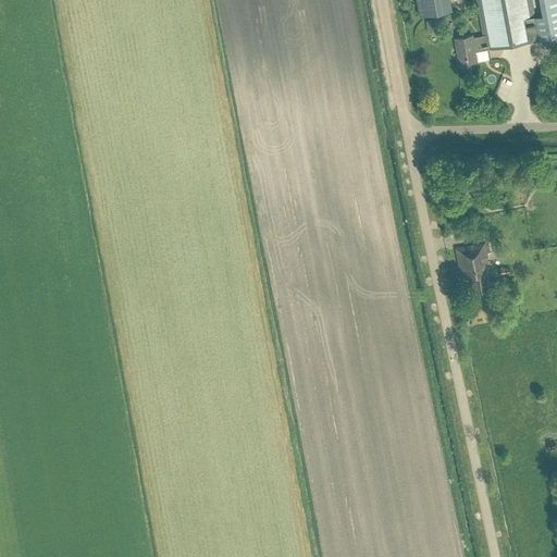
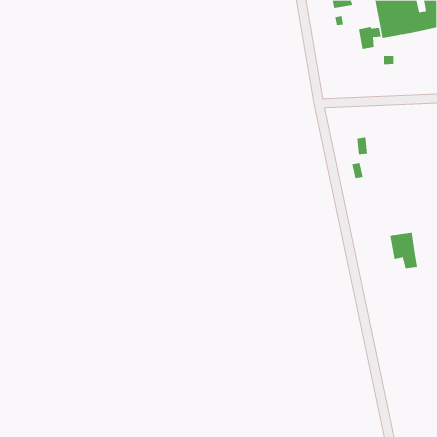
building: [456,243,492,289] -> [389,232,418,269]

